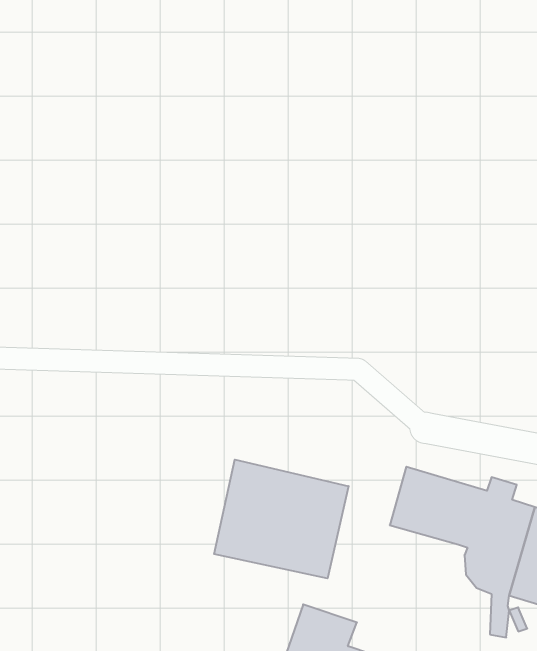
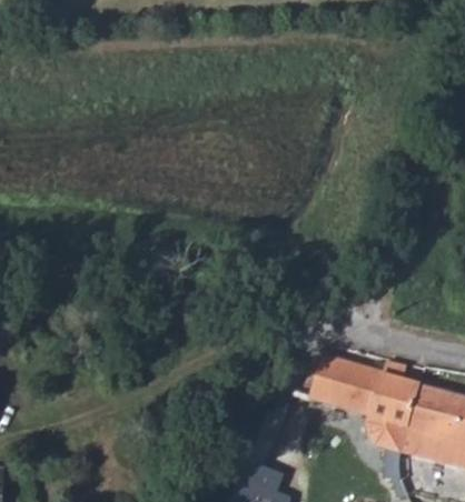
building: [214,460,349,578] -> none

